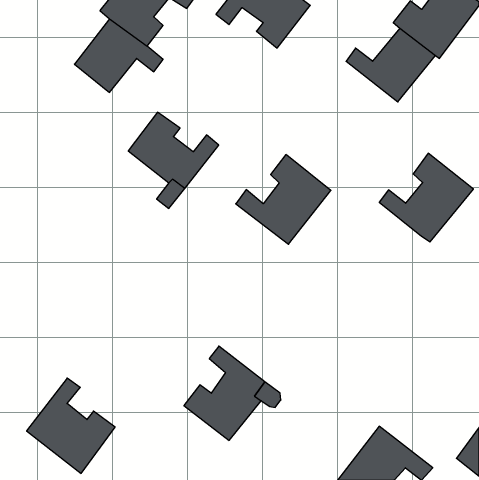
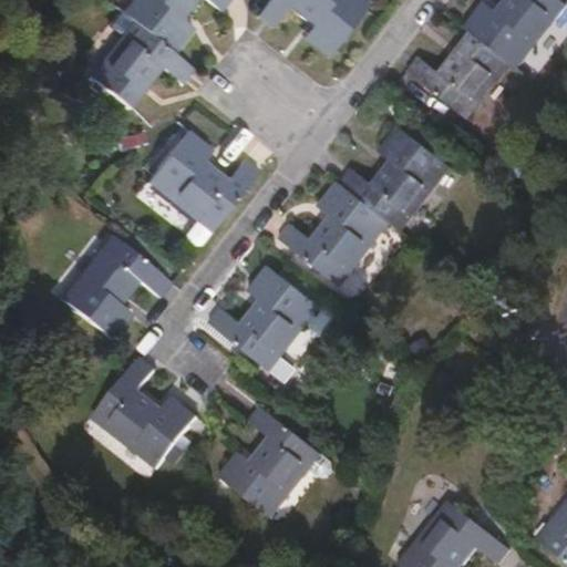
building: [379,153,473,242] -> [339,126,450,230]
building: none -> [58,237,168,340]
building: none -> [209,266,320,370]
building: [27,378,115,473] -> [91,358,195,470]

